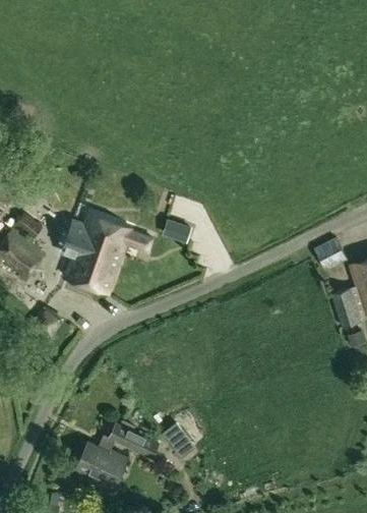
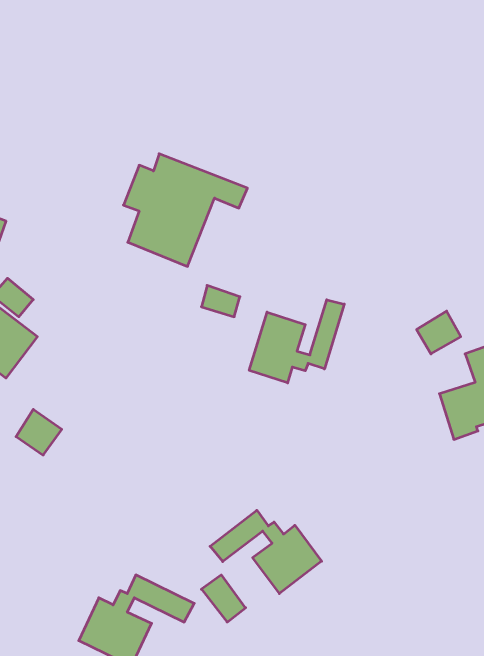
building: [62,213,150,293] -> [123,154,247,266]
building: none -> [249,300,344,383]
building: none -> [210,510,322,594]

